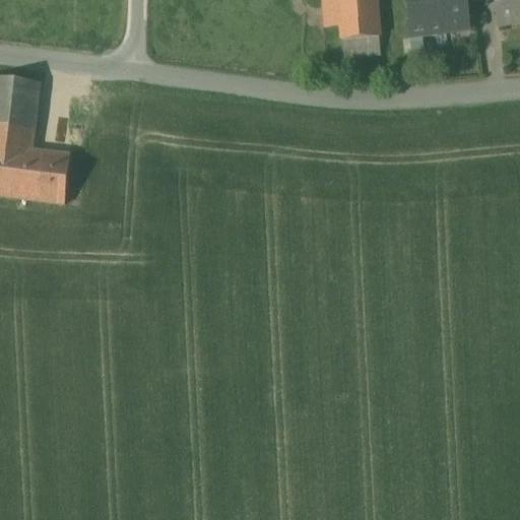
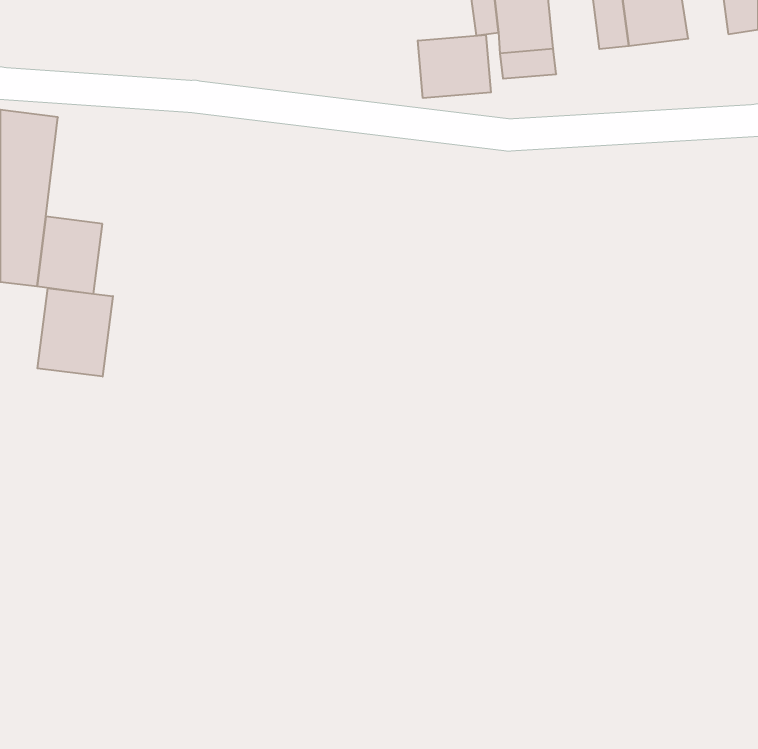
building: none -> [418,35,491,98]
building: none -> [37,288,113,377]

